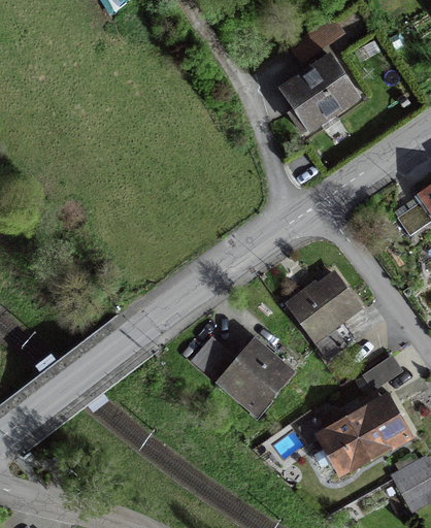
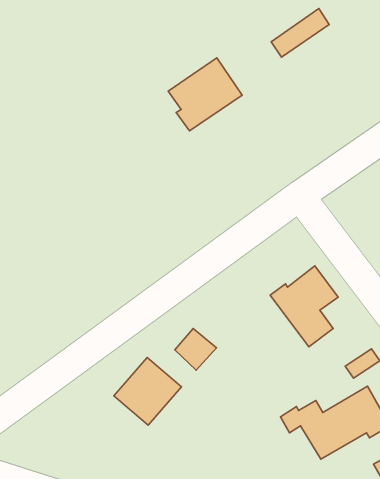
building: [280,57,356,131] -> [168,58,242,131]
building: [220,341,289,410] -> [114,357,182,425]

